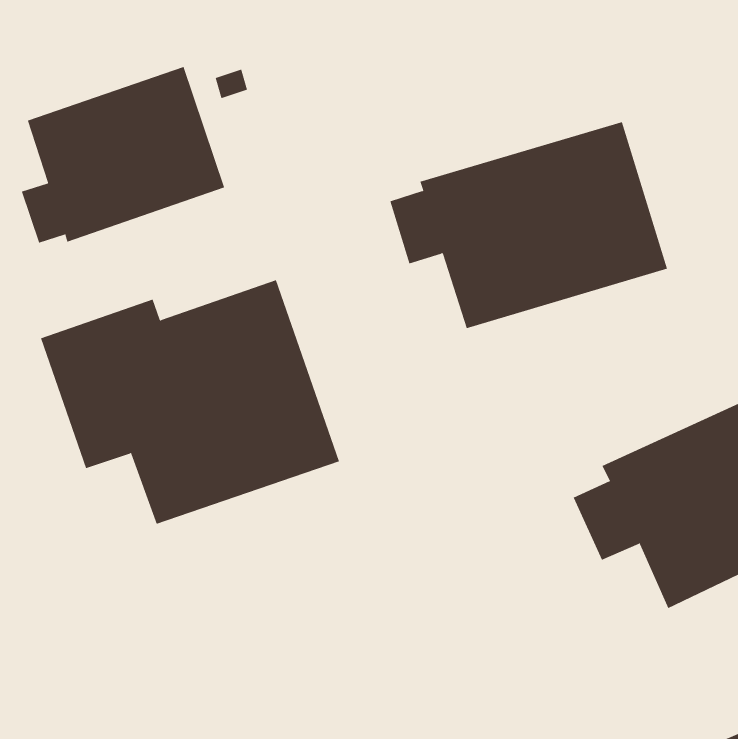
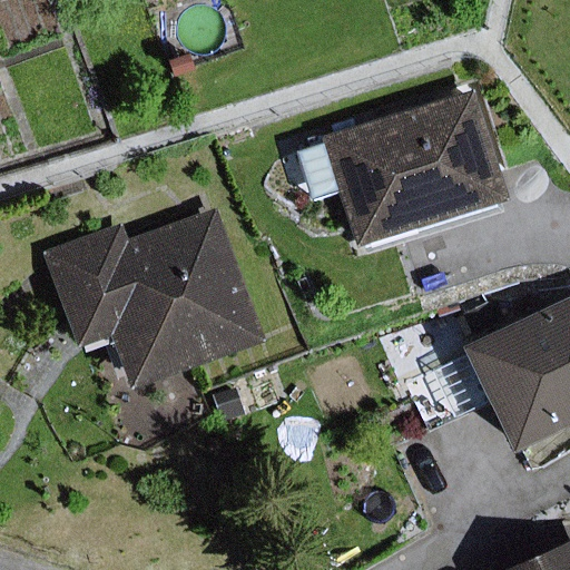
building: [21,66,225,244] -> none

